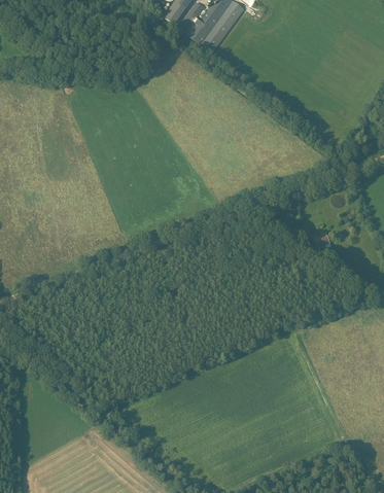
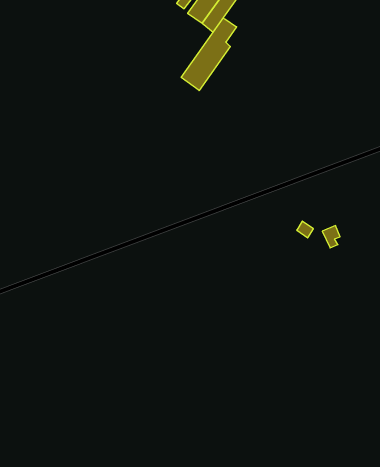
building: none -> [181,18,237,91]

